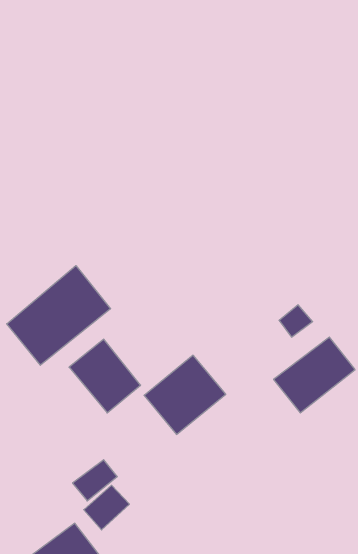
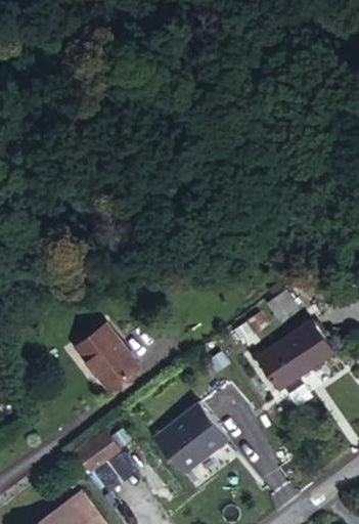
building: [7,266,111,365] -> none
building: [144,355,226,434] -> [153,405,228,478]

